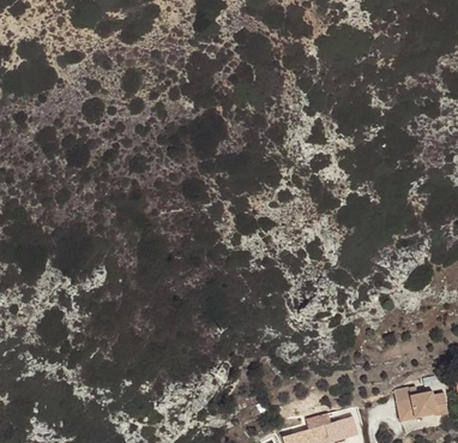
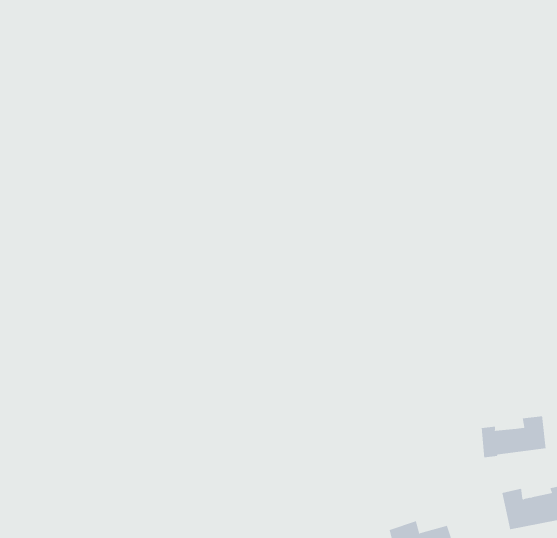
building: none -> [481,416,546,458]

